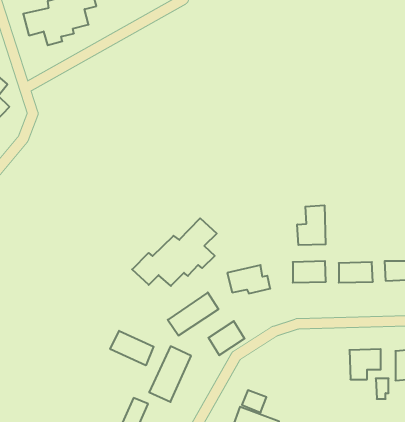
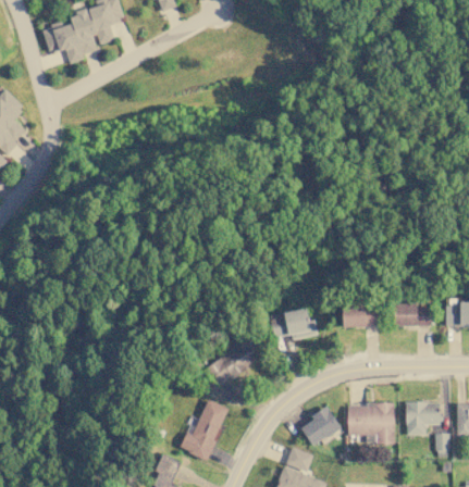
building: [297,205,326,245] -> none
building: [132,218,217,286] -> none
building: [208,321,245,355] -> [300,408,341,446]
building: [110,331,154,365] -> none
building: none -> [347,403,395,445]

